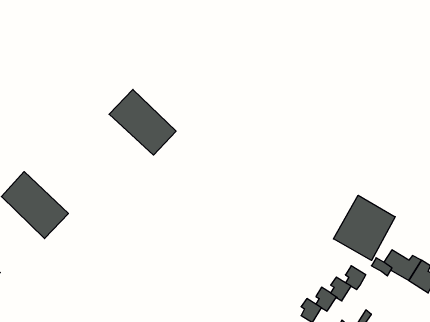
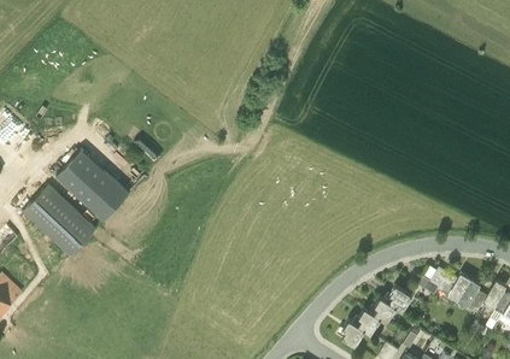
building: [109,89,176,155] -> [54,152,125,222]
building: [333,195,395,260] -> none

